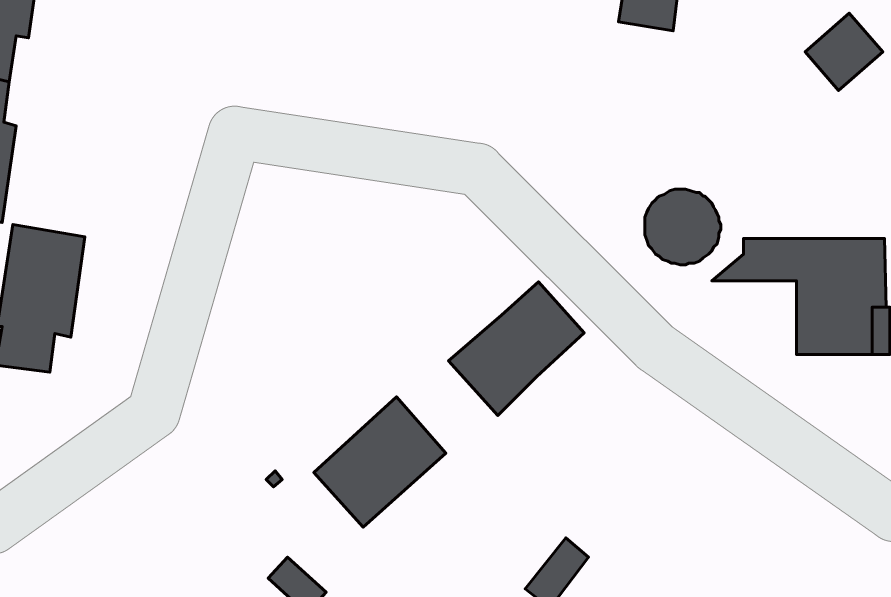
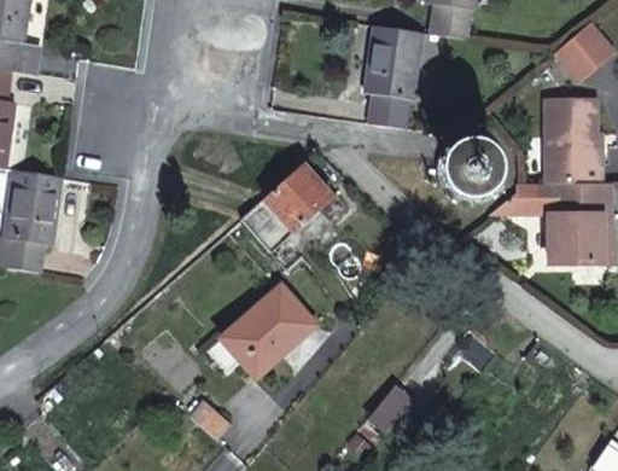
building: none -> [363,24,422,128]
building: none -> [544,97,601,180]
building: [449,282,584,416] -> [243,163,336,255]

